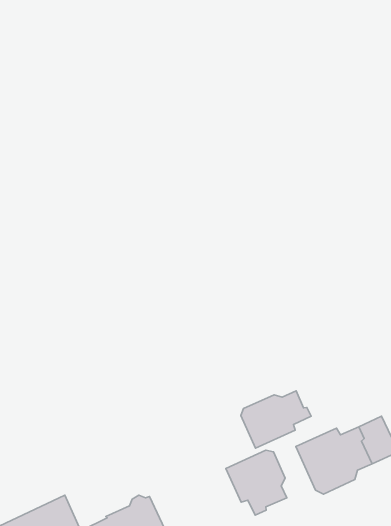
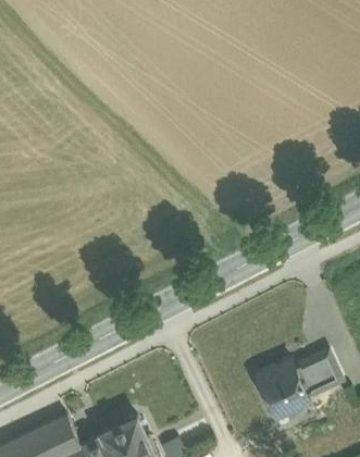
building: [241,391,311,448] -> none
building: [226,450,287,515] -> none

